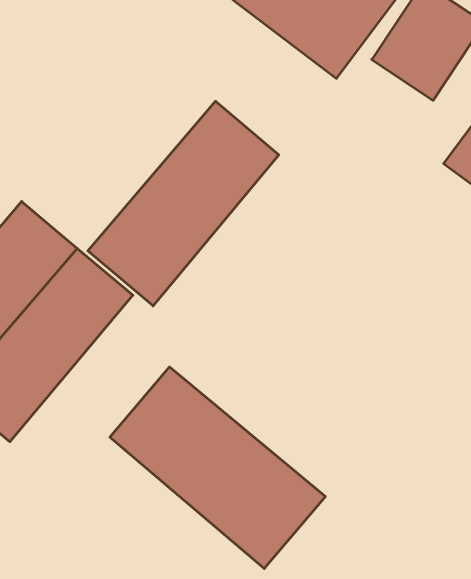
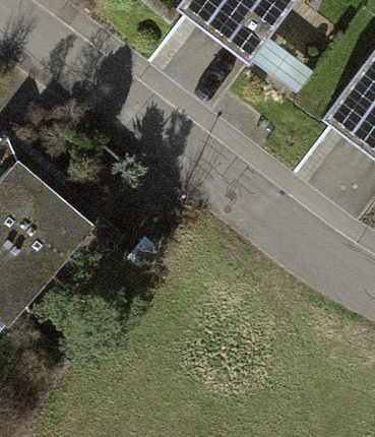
building: [88,101,279,306] -> none
building: [110,367,325,569] -> none

